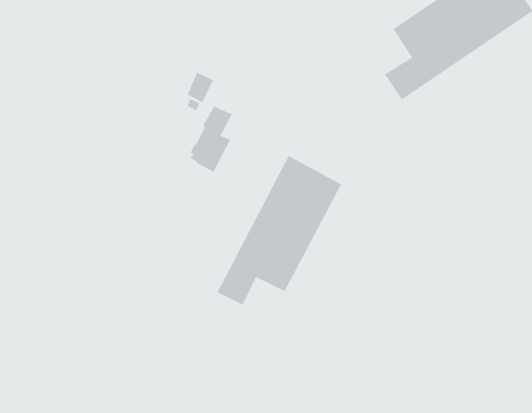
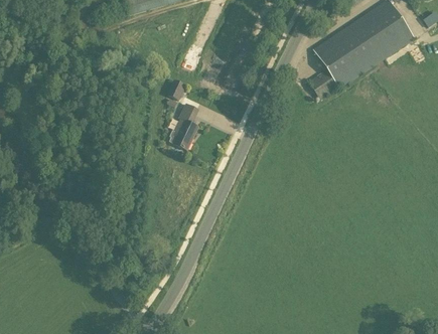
building: [217,155,342,306] -> none

